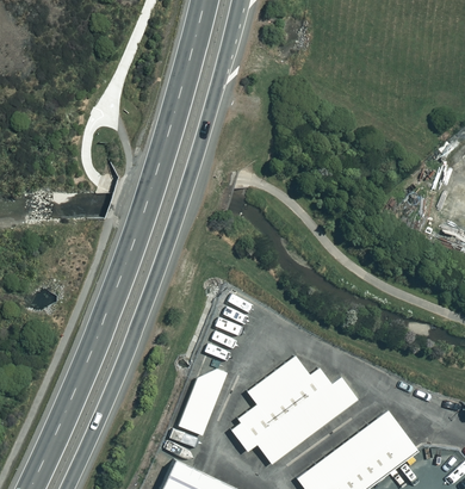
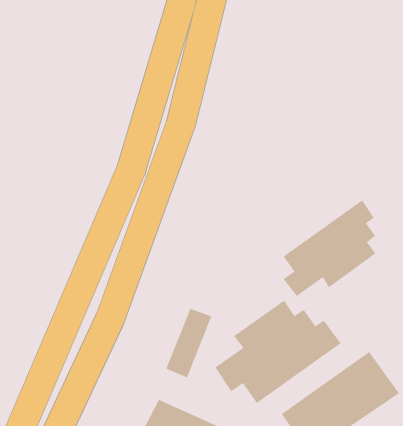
building: none -> [283,199,376,297]

